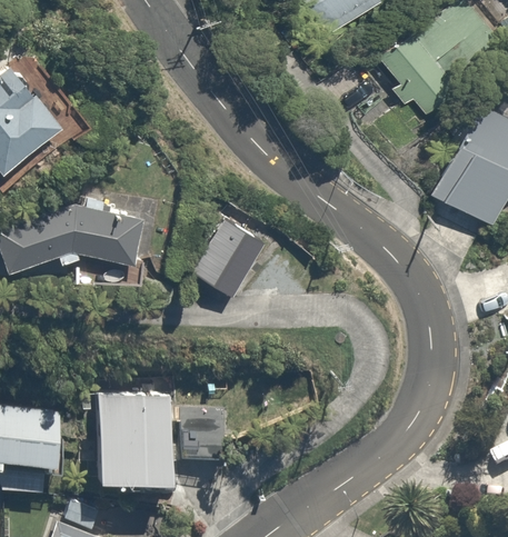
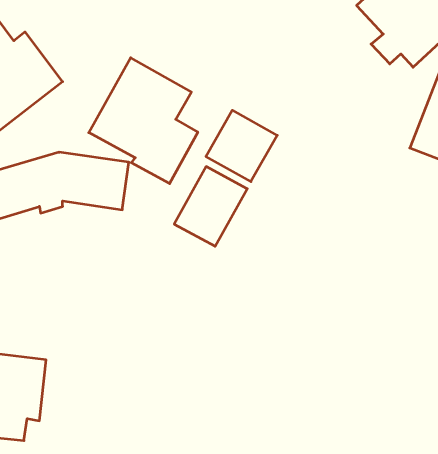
building: none -> [89,58,198,184]
building: none -> [206,110,277,182]
building: [91,390,237,483] -> none

